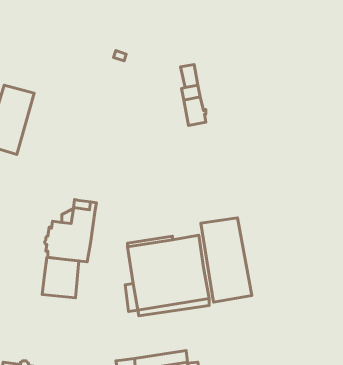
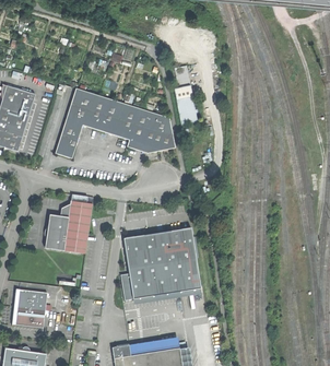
building: none -> [58,88,176,157]
building: [201,218,252,302] -> none
building: [42,257,79,298] -> [12,288,47,327]

